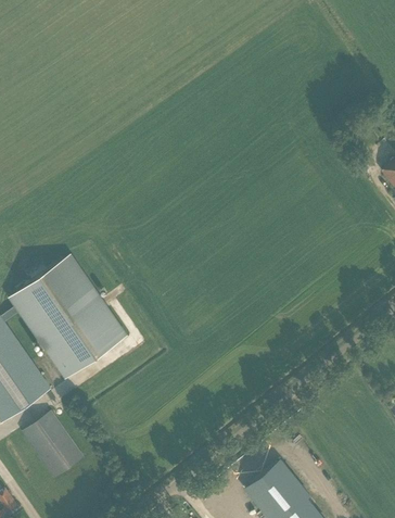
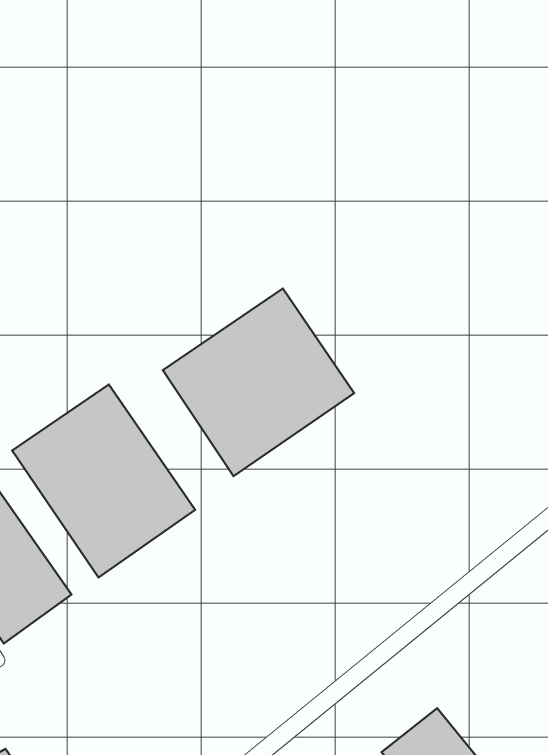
building: none -> [163,289,354,476]
building: [22,410,82,477] -> none

